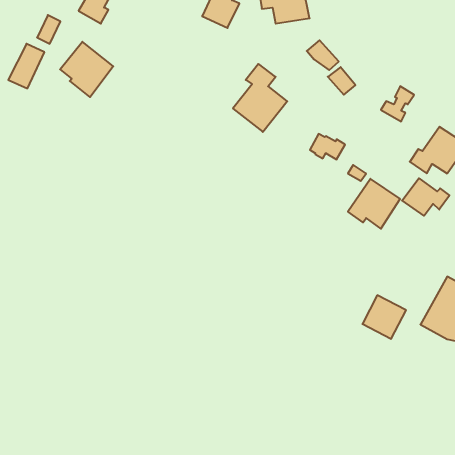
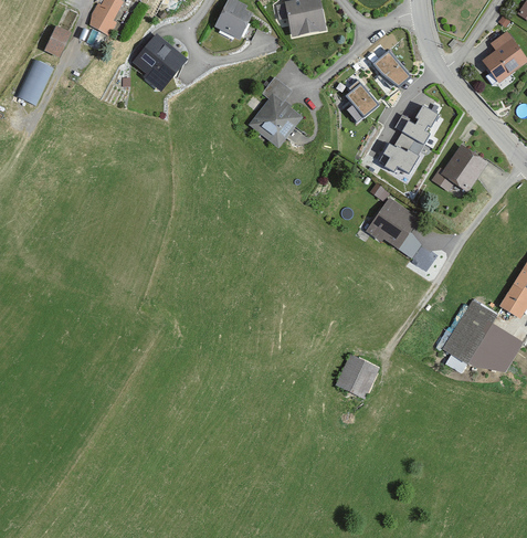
building: [307,40,339,70] -> [373,49,407,80]
building: [60,42,113,97] -> [133,34,188,92]
building: [310,134,345,159] -> [379,140,415,167]
building: [402,178,449,216] -> none
building: [362,295,406,339] -> [335,355,380,400]

